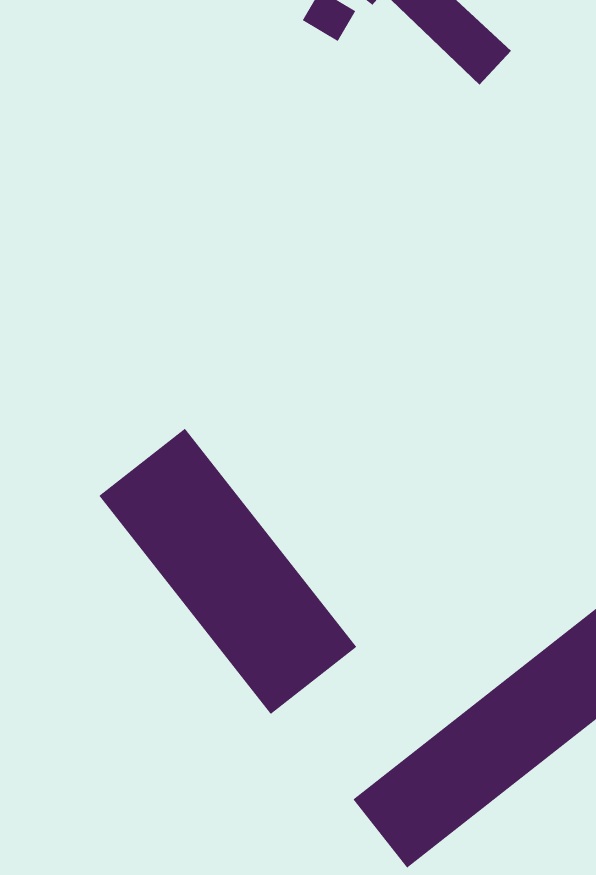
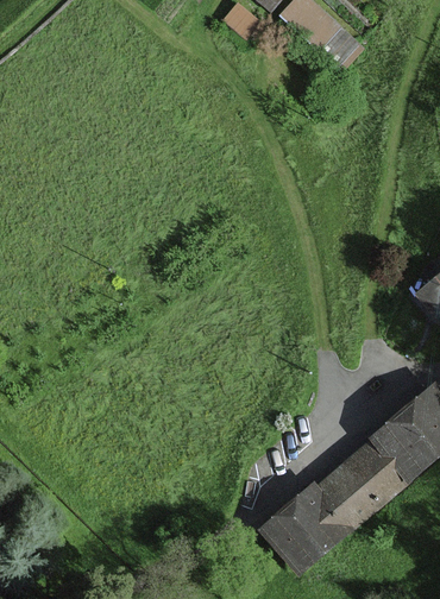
building: [98,428,357,715] -> none

